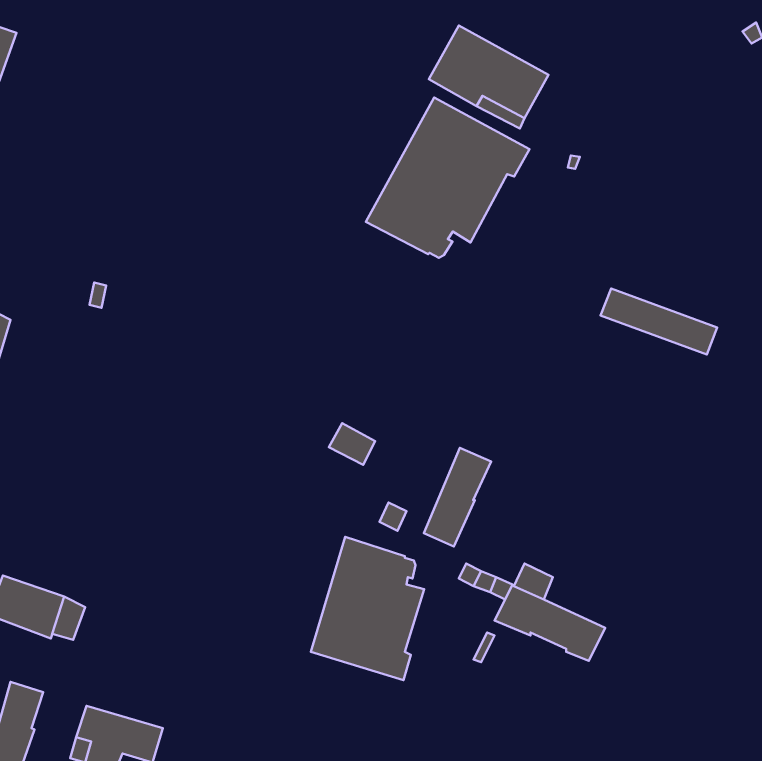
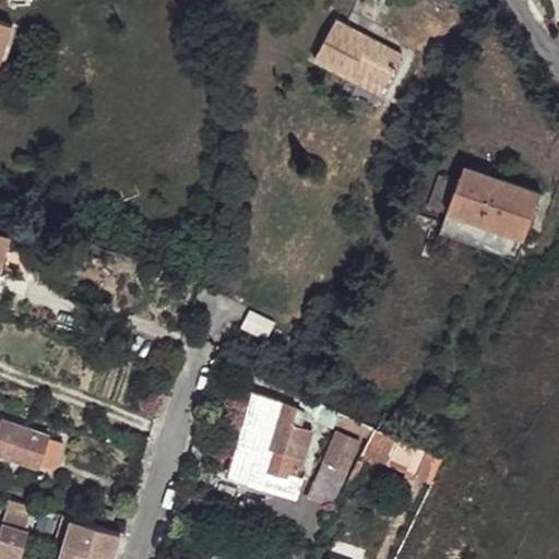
building: [366,98,530,258] -> none
building: none -> [447,166,540,241]
building: [424,448,491,547] -> [309,433,358,506]

